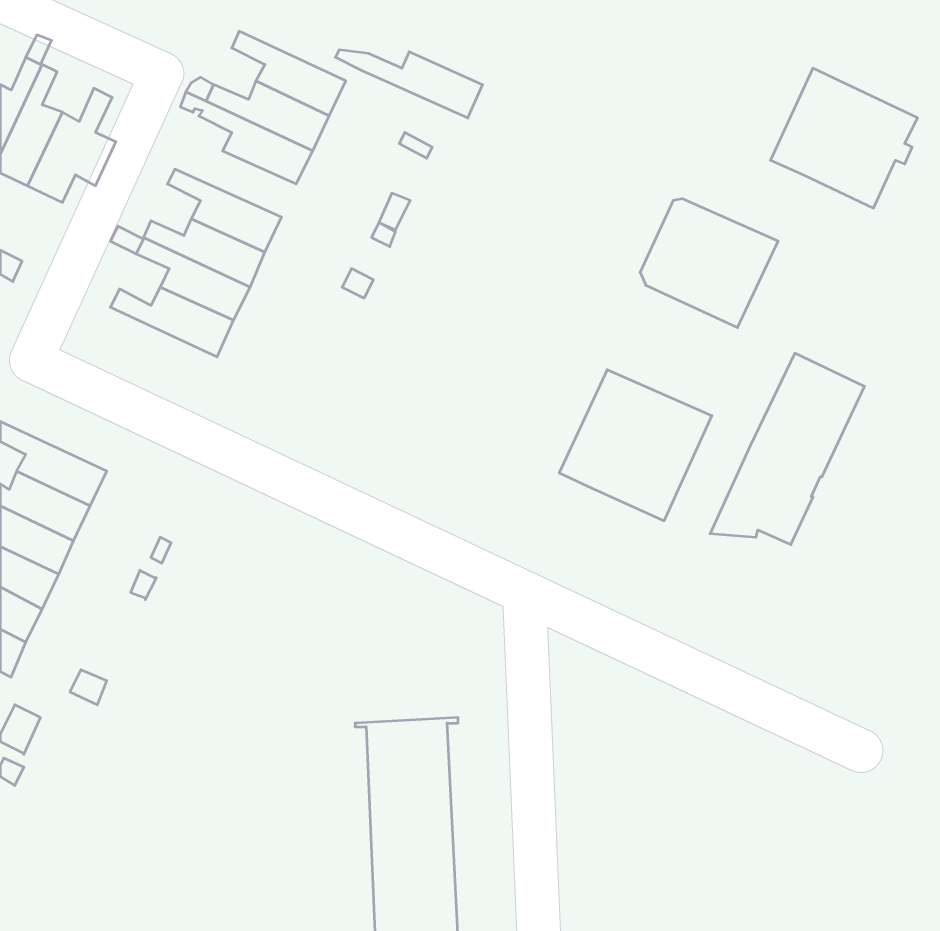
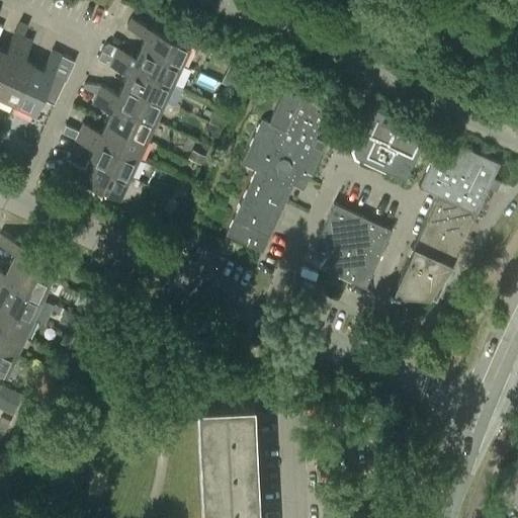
building: [335,50,483,118] -> [82,87,163,124]
building: [770,68,918,208] -> [419,141,500,218]
building: none -> [225,93,325,255]

